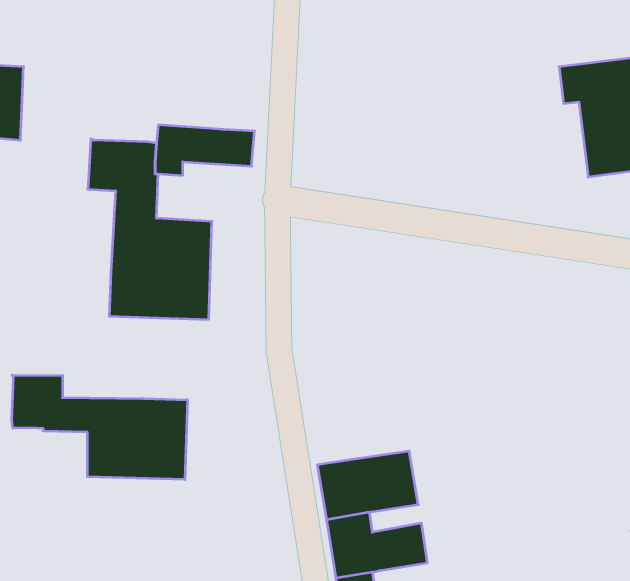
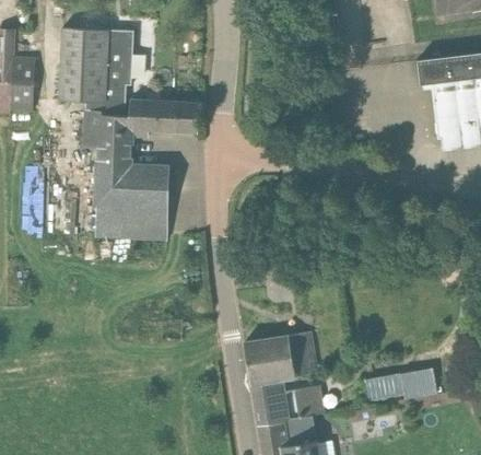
building: none -> [59,28,133,113]
building: [12,375,187,480] -> none
building: none -> [366,371,435,399]

